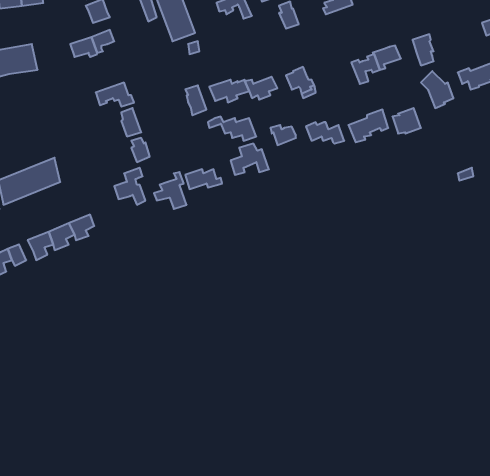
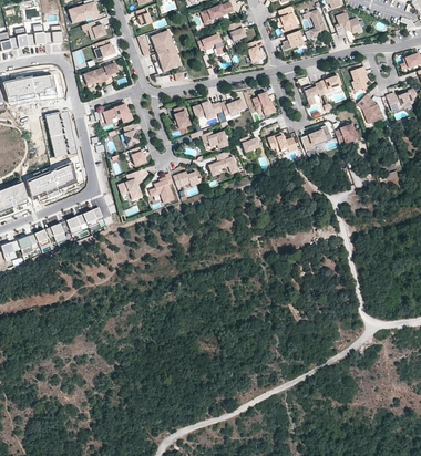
building: none -> [45,113,70,158]

